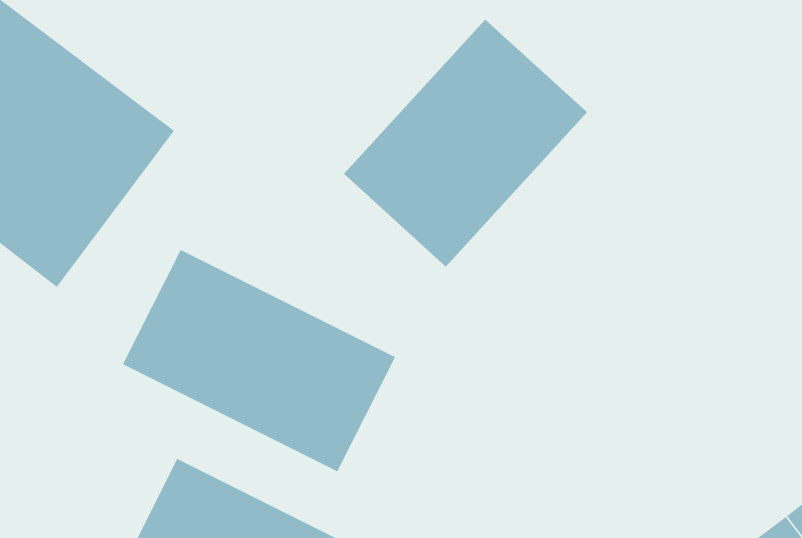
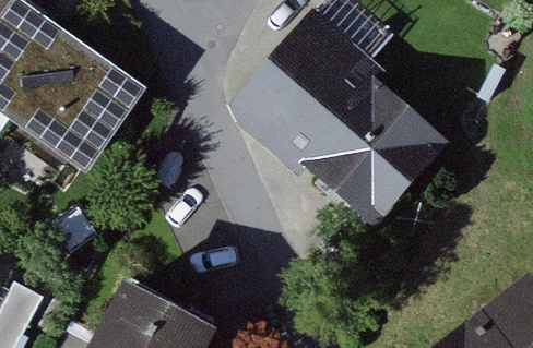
building: none -> [293,72,445,226]
building: [122,249,396,472] -> none

